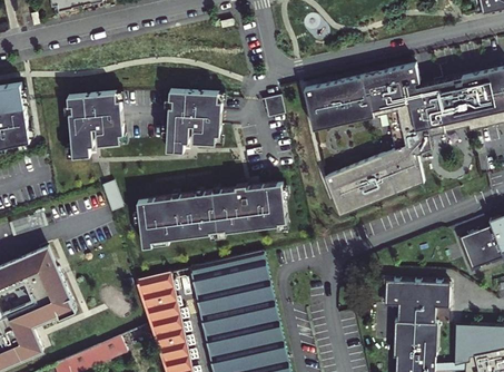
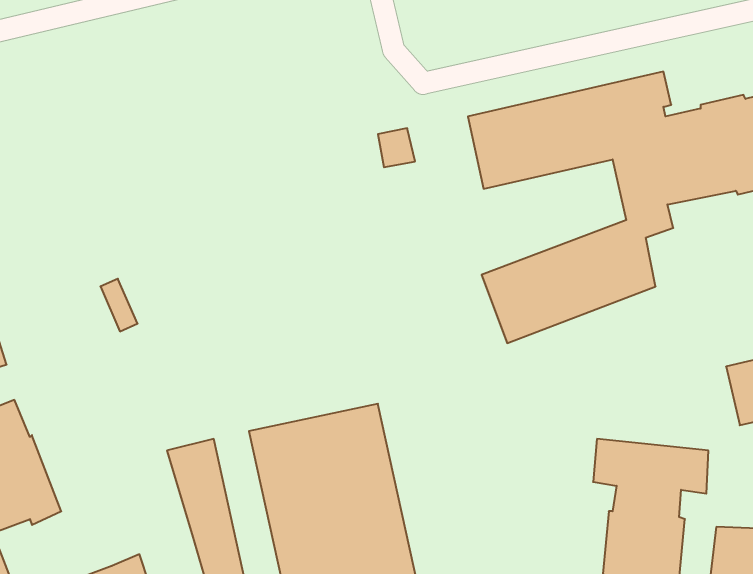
building: [162,89,224,151] -> none
building: [62,90,126,157] -> none
building: [131,183,286,247] -> none

